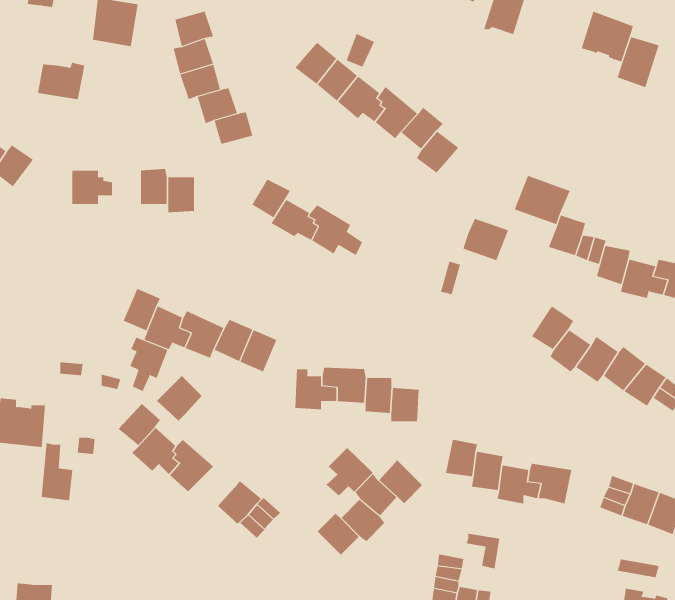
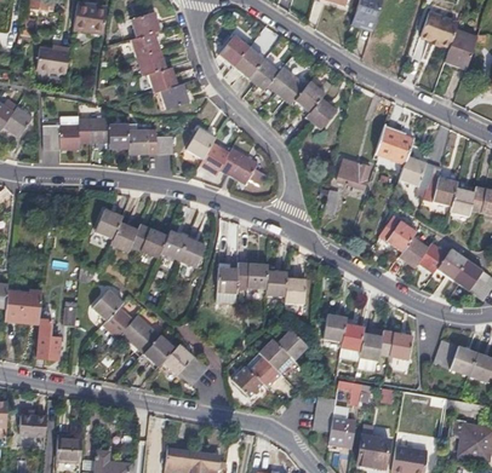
building: none -> [79,119,108,143]
building: [130,337,168,392] -> none
building: [156,375,203,421] -> [142,334,175,367]
building: [325,447,374,497] -> none

